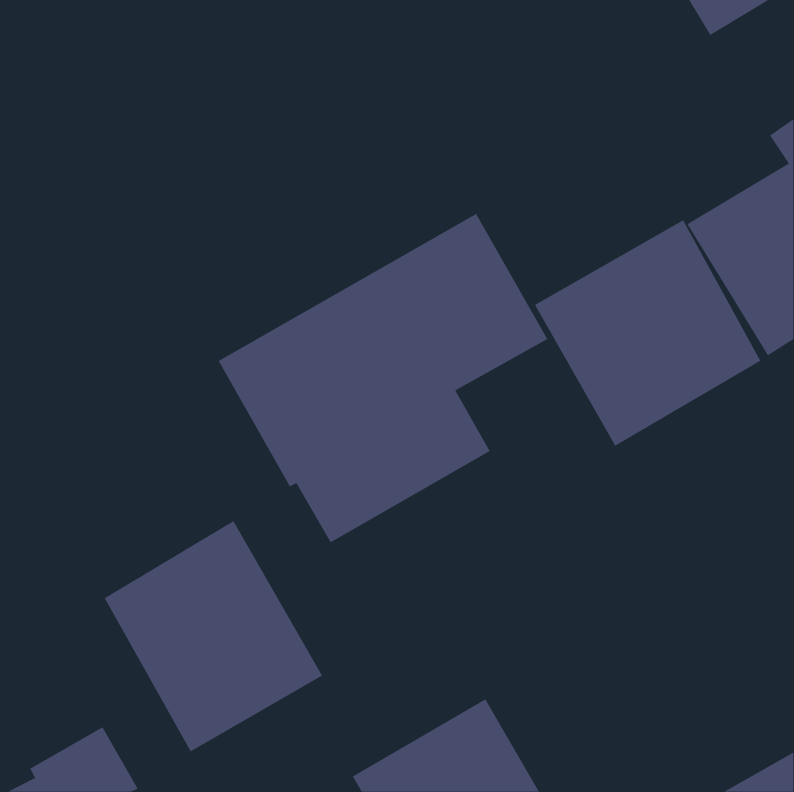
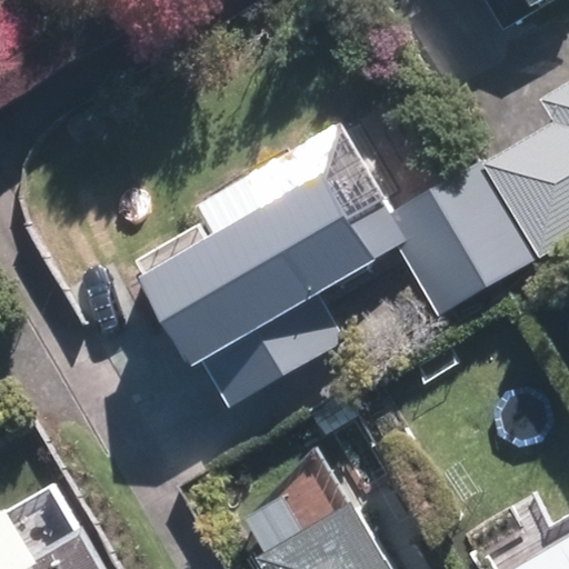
building: [104,520,323,752] -> none

